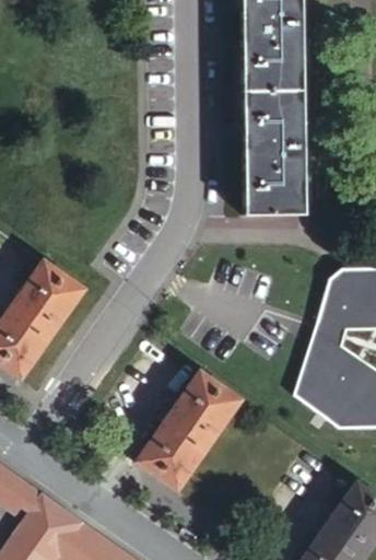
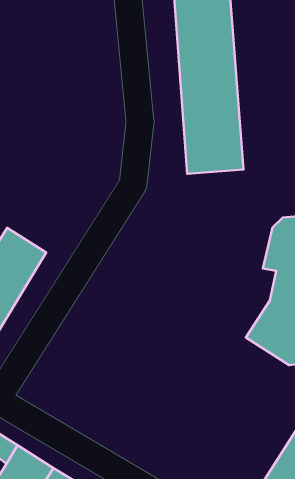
building: [136,370,240,489] -> none

